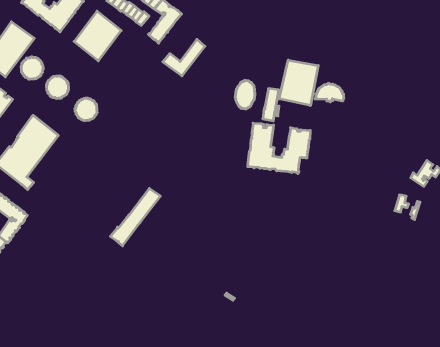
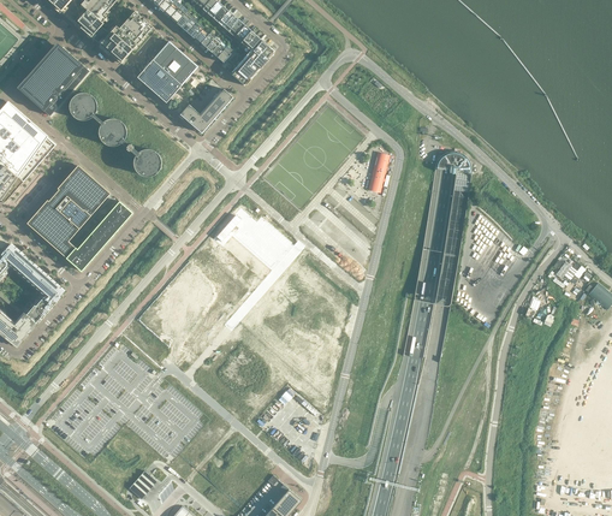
building: [163,39,205,76] -> [178,88,232,132]
building: [279,60,318,106] -> none
building: [235,80,255,109] -> none
building: [248,123,310,174] -> none
building: [110,188,160,246] -> [65,201,131,271]

